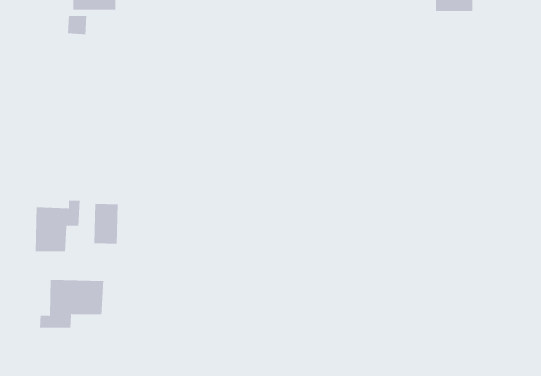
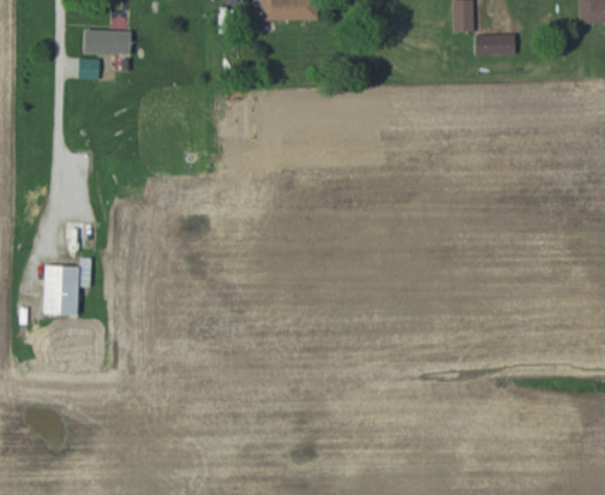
building: [93,203,119,245] -> none
building: [39,279,104,329] -> none

